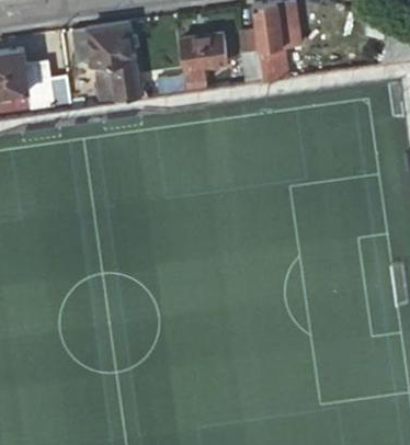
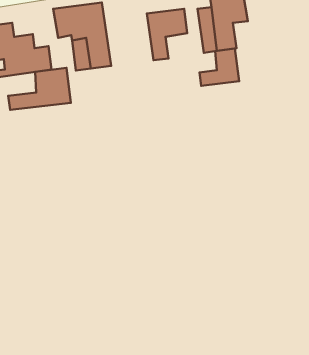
building: none -> [200,48,239,86]
building: none -> [8,68,71,110]

